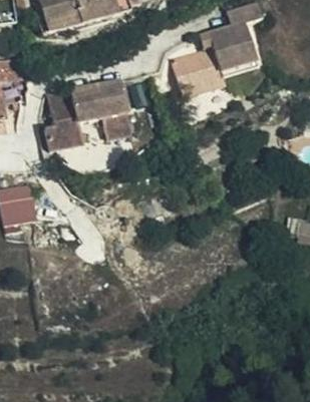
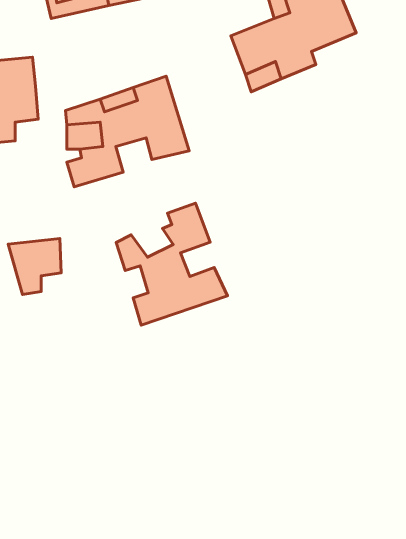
building: none -> [116,203,228,325]

